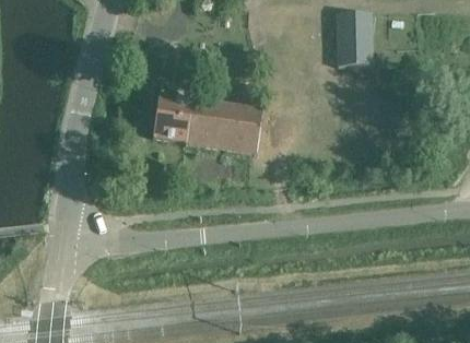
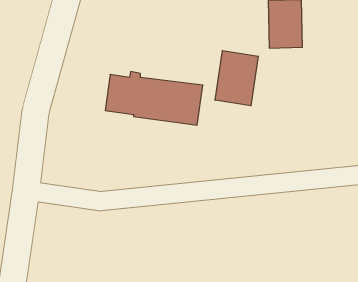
building: none -> [215,51,258,106]

